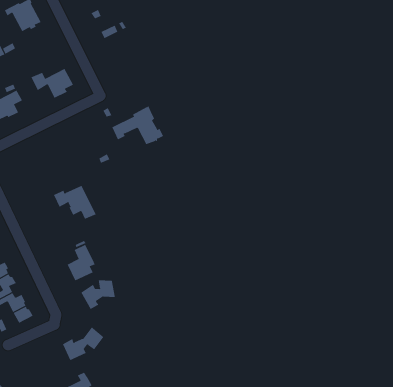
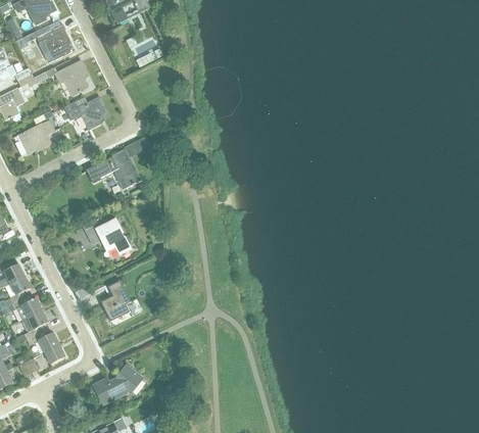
building: none -> [53,60,93,96]
building: [112,106,164,145] -> [86,147,140,188]
building: [80,279,116,310] -> none

